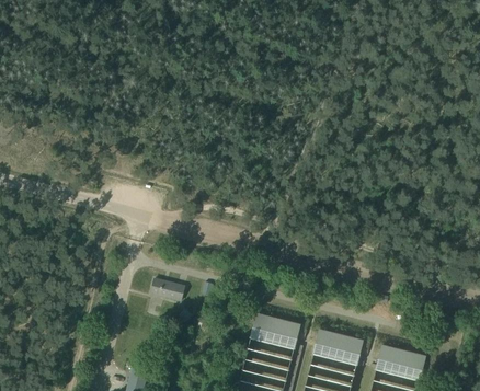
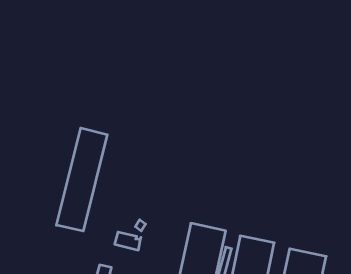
building: none -> [56,128,107,231]
building: [152,279,186,302] -> [115,232,141,250]

